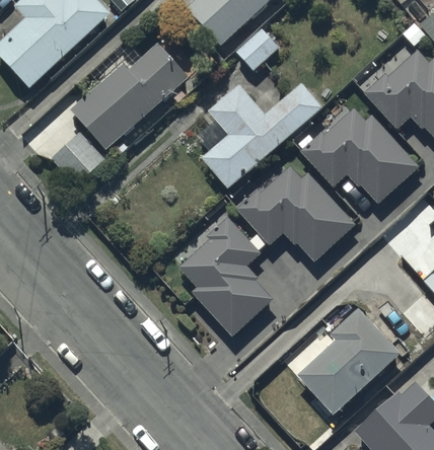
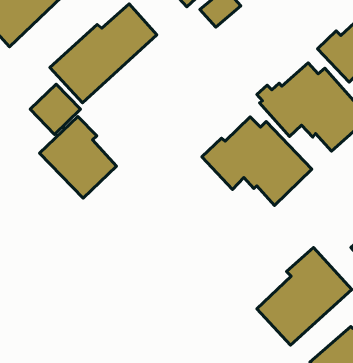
building: [201,82,324,190] -> none
building: none -> [40,116,117,198]
building: [178,213,272,334] -> none

